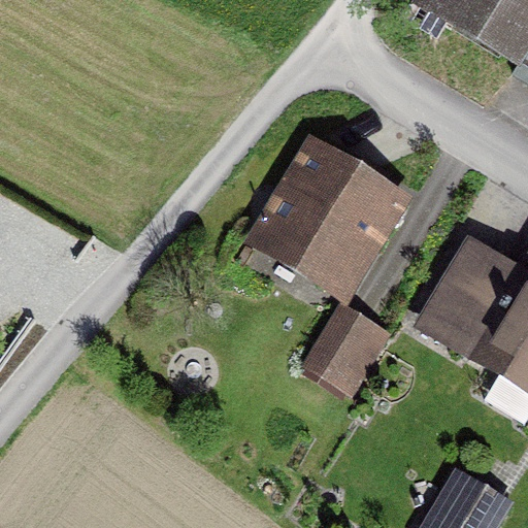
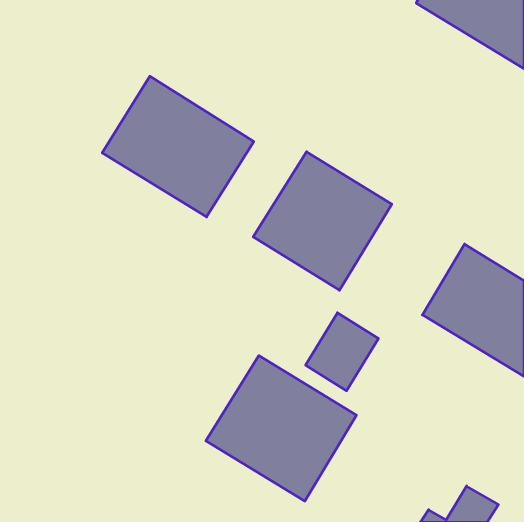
building: none -> [102,76,254,217]
building: none -> [206,356,356,501]

